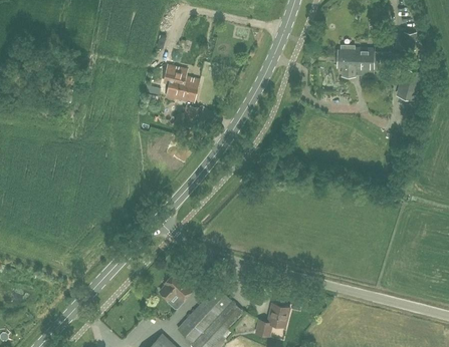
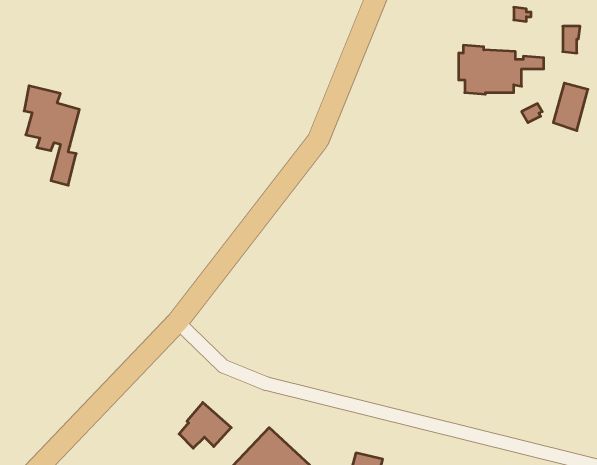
building: [164,65,199,128] -> [24,86,79,185]

